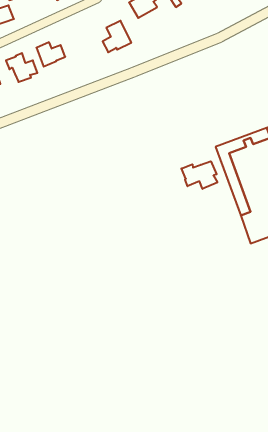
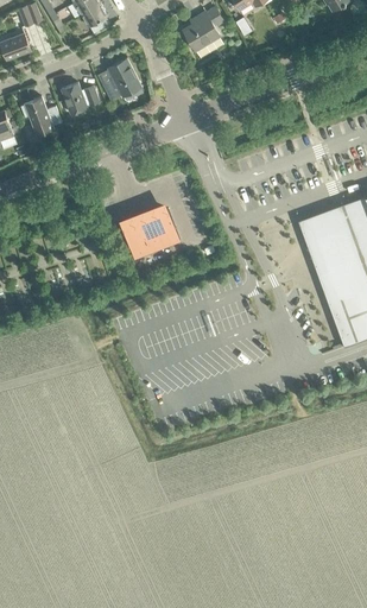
building: [103,21,131,52] -> [102,58,140,100]
building: none -> [118,209,178,258]
building: [181,161,217,189] -> none

